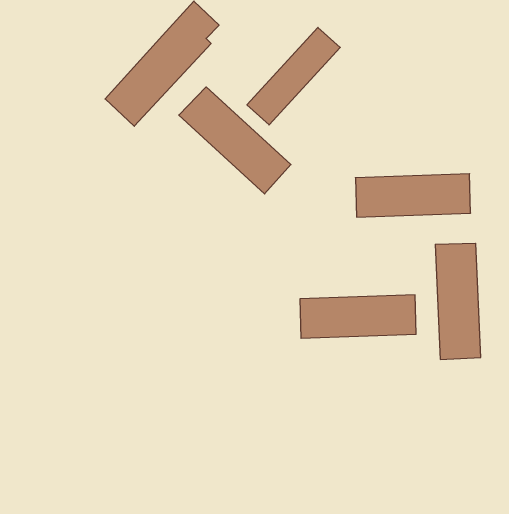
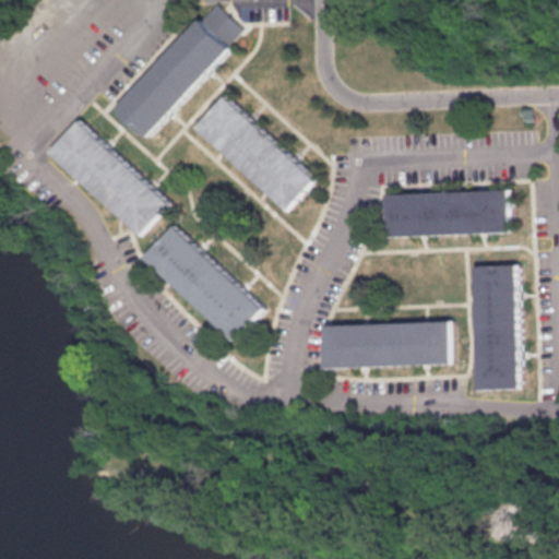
building: [247,27,340,125] -> none
building: none -> [47,120,167,235]
building: none -> [143,225,263,341]

